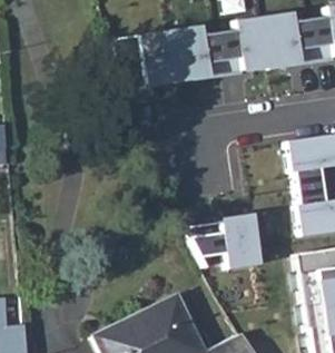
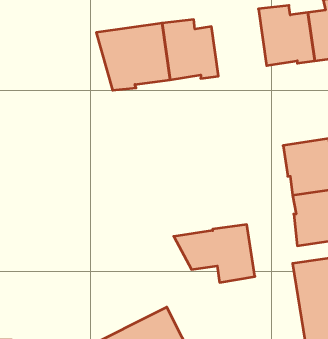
building: [219,13,272,77] -> none

